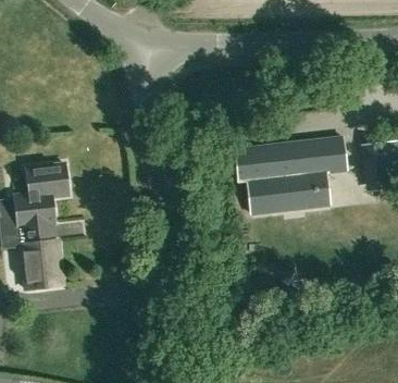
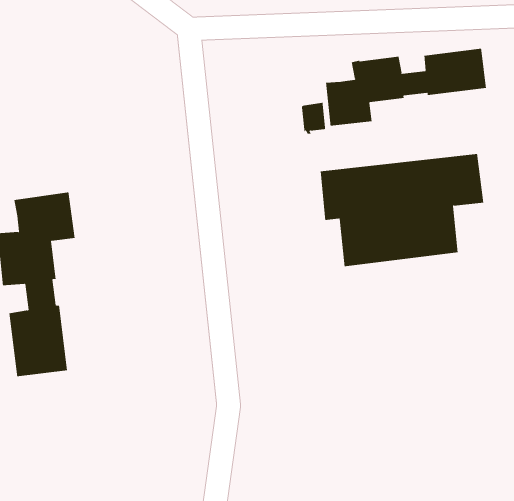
building: none -> [326,48,487,127]

